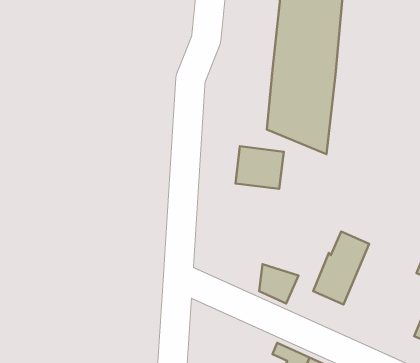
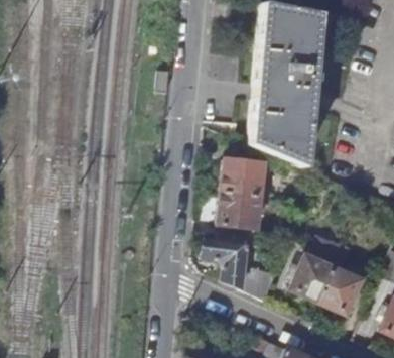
building: none -> [218,192,260,228]
building: none -> [203,238,248,288]
building: none -> [317,267,360,312]

